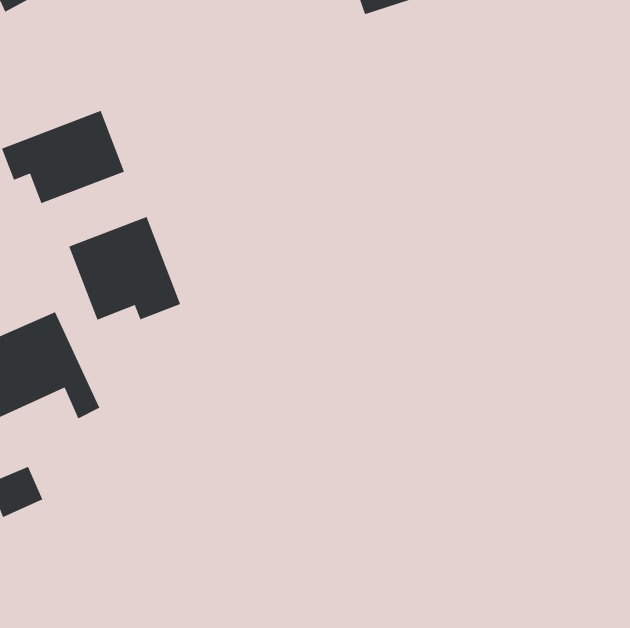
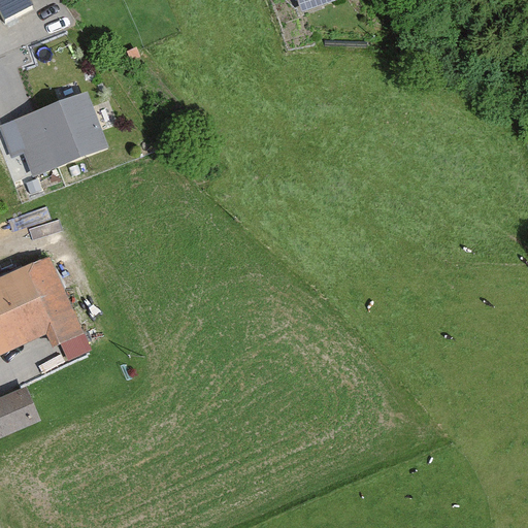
building: [69,216,181,320] -> none

